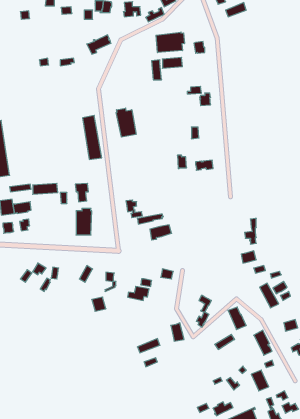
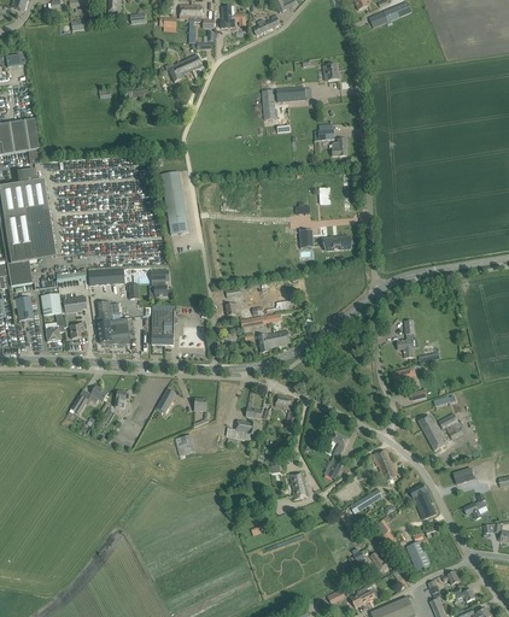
building: [156,32,184,53] -> none
building: [116,108,136,137] -> none
building: none -> [96,300,130,343]

